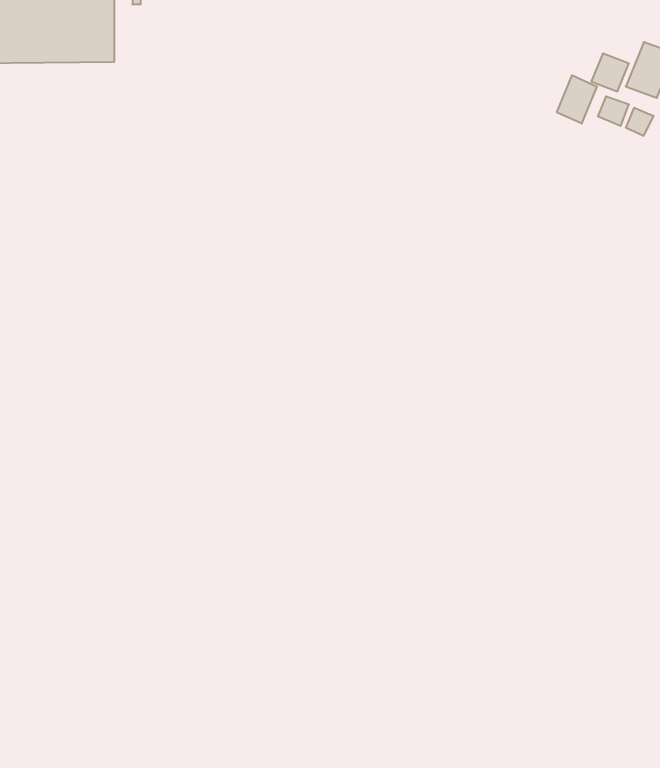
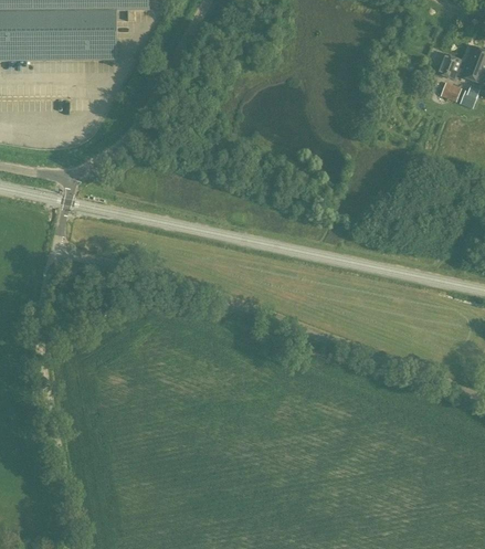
building: [557,75,597,124] -> none

